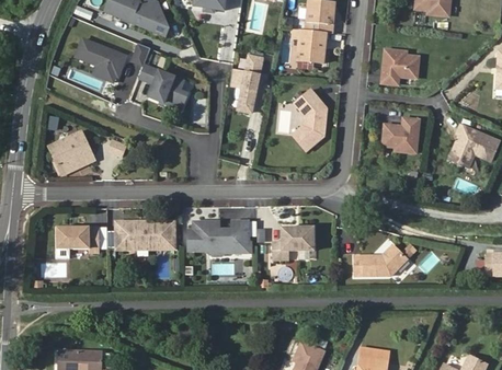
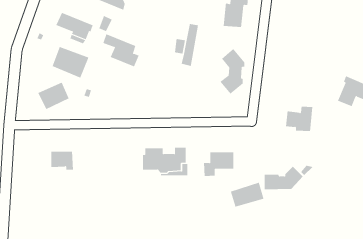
building: [383,49,419,83] -> none
building: none -> [52,46,89,79]
building: [384,117,421,151] -> [285,106,313,132]
building: [114,219,174,247] -> none
building: none -> [230,182,264,207]

